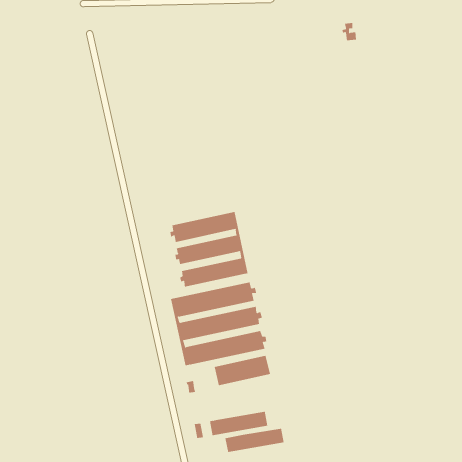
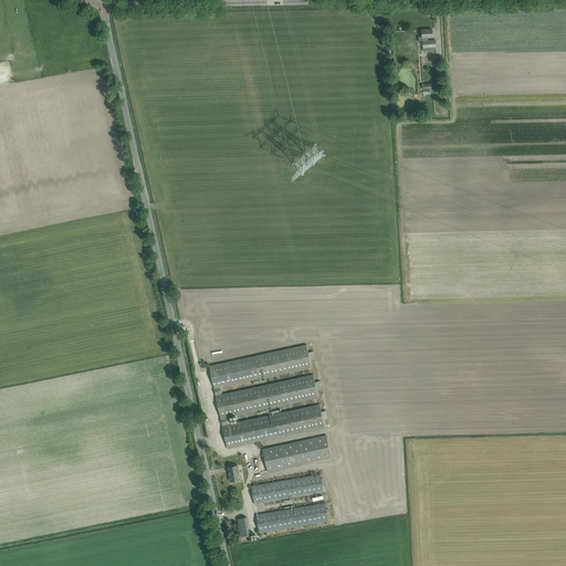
building: [170,211,248,288] -> none
building: [225,428,284,453] -> [250,473,323,503]

